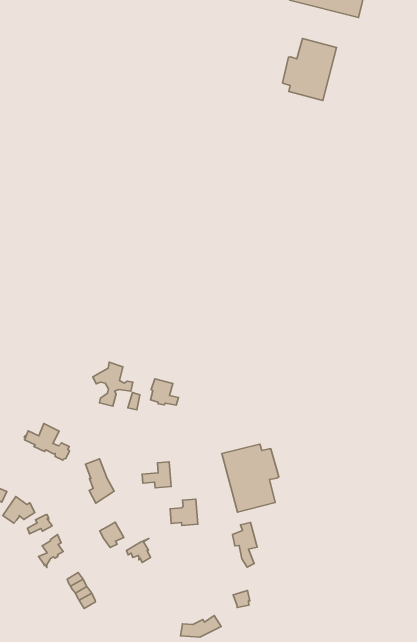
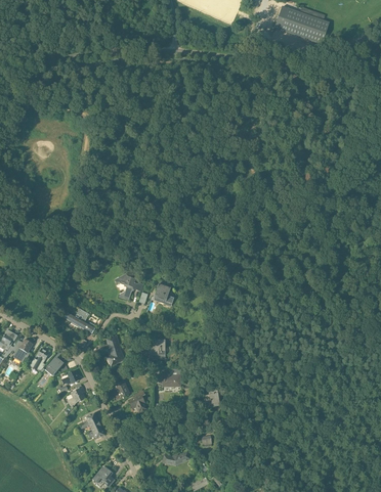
building: [282,38,337,101] -> none
building: [222,444,279,512] -> none

